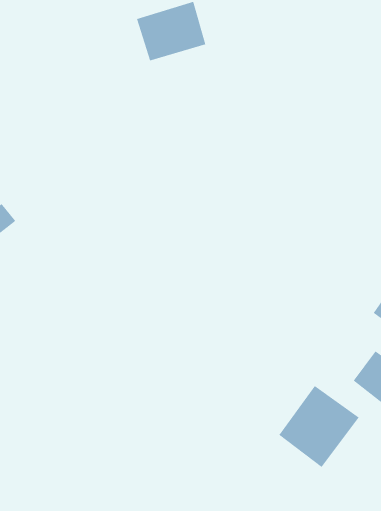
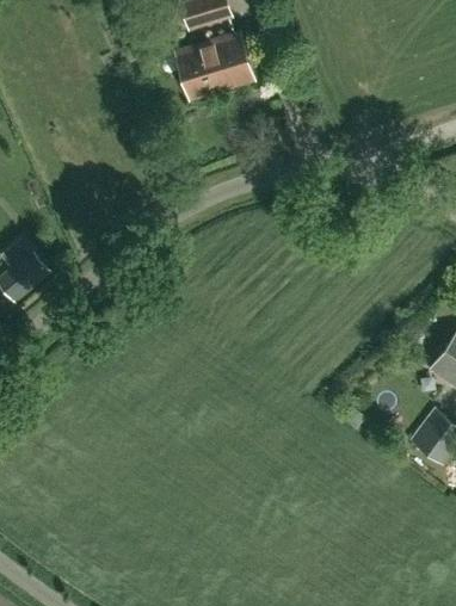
building: [279,385,360,468] -> none

